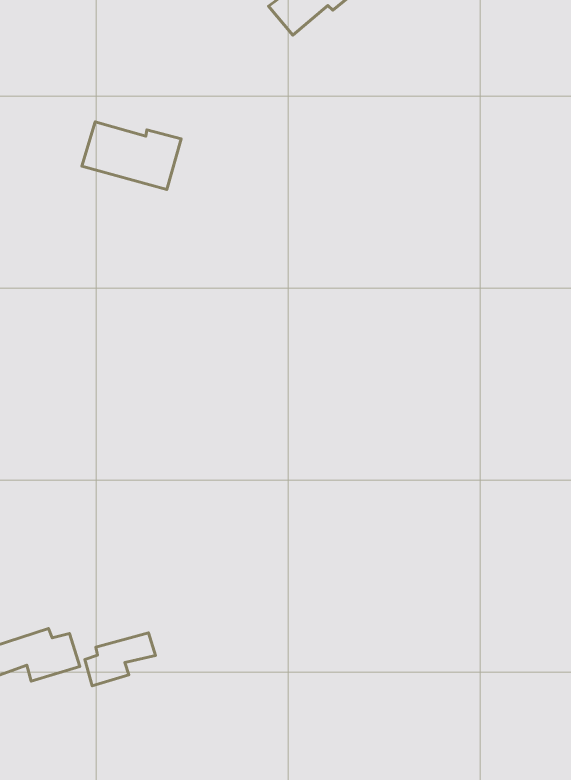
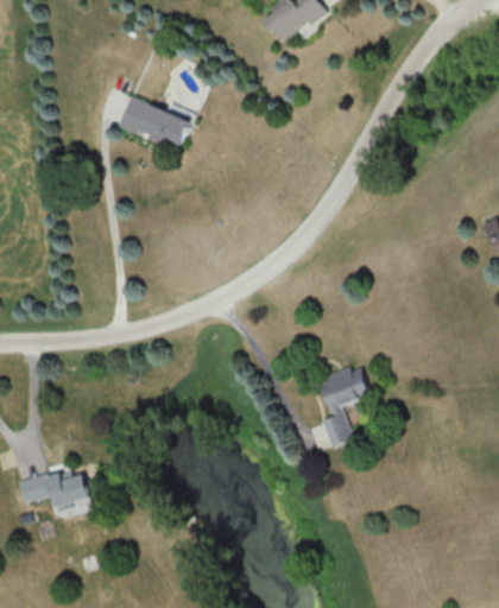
building: none -> [320,365,369,446]
building: [85,633,155,686] -> none

